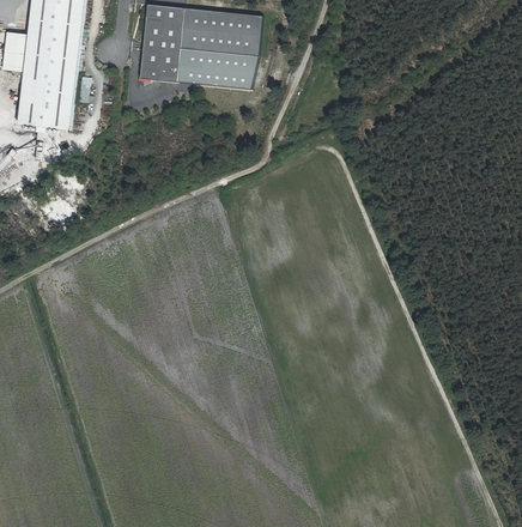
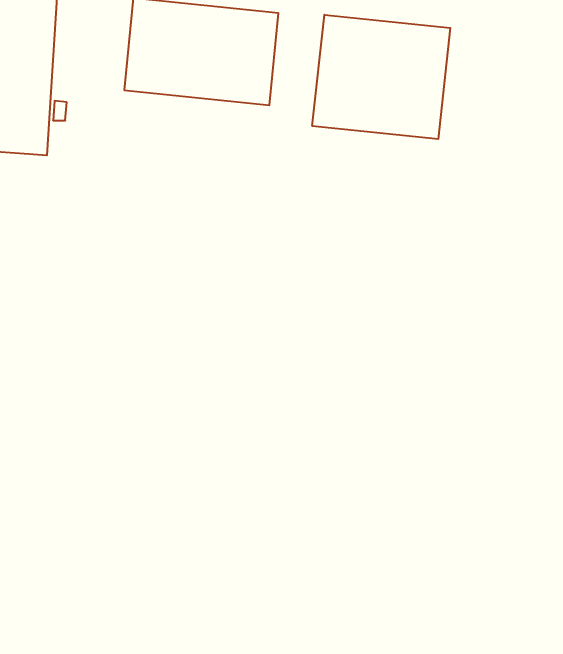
building: none -> [312,15,450,139]

